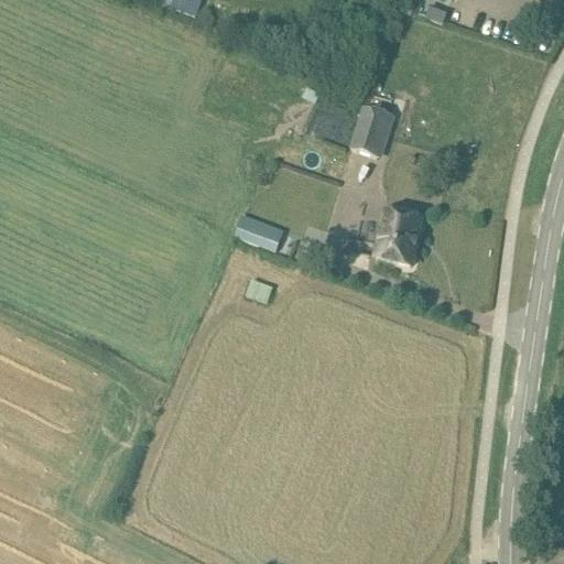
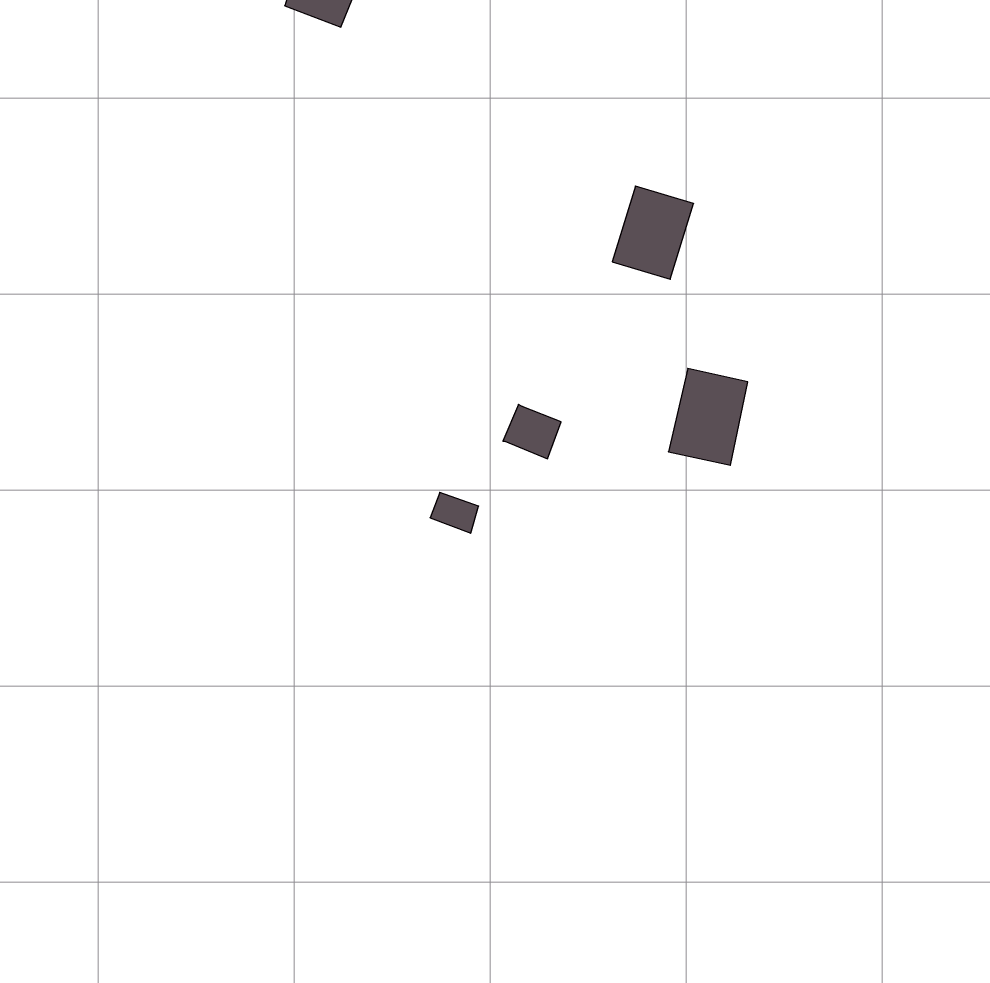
building: [234,214,267,245] -> [503,404,561,459]

